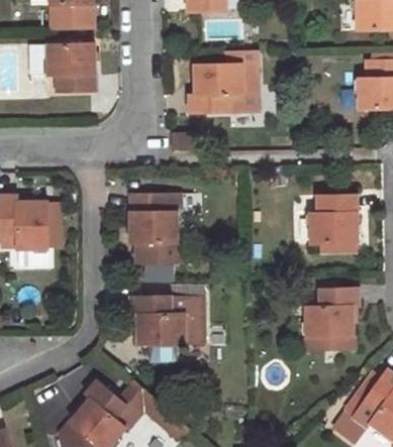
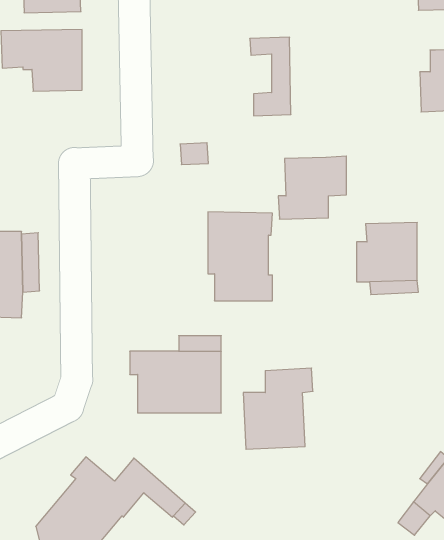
building: [189,63,242,112] -> [278,156,346,219]
building: [130,195,181,264] -> [208,212,272,301]
building: [304,287,359,350] -> [243,368,313,449]

